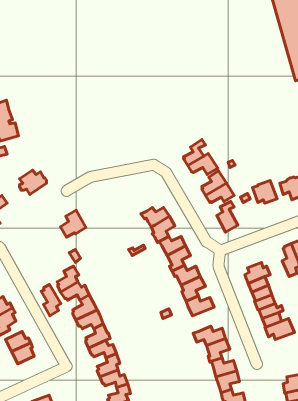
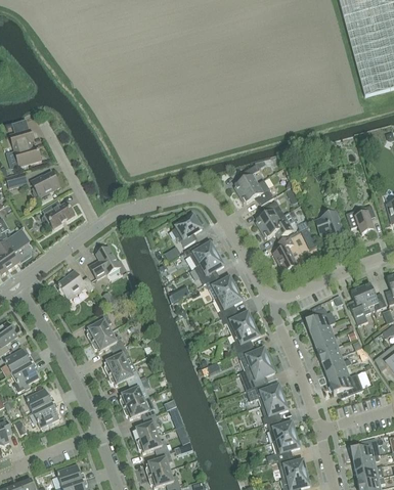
building: none -> [31,172,59,198]
building: none -> [172,215,202,247]
building: none -> [56,270,94,299]
building: [41,284,61,316] -> none
building: none -> [245,360,274,389]

